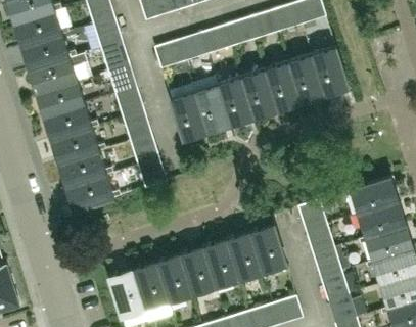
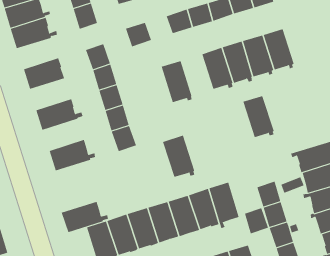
building: [177,32,207,59] -> none
building: [100,40,129,71] -> none
building: [28,51,87,93] -> none
building: [218,76,255,125] -> [243,95,274,138]
building: [170,90,207,139] -> [162,135,195,177]
building: [43,103,98,140] -> none
building: [57,150,112,187] -> [61,201,109,233]
building: [297,198,326,229] -> [244,207,269,234]

